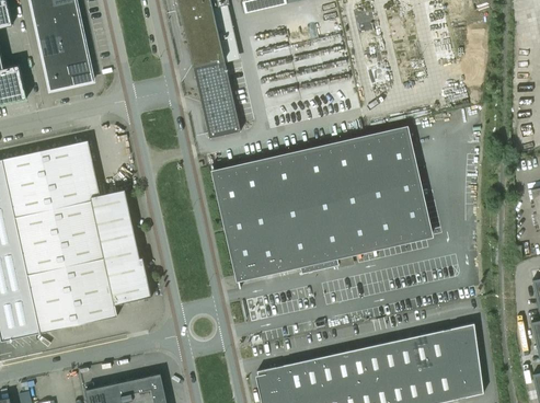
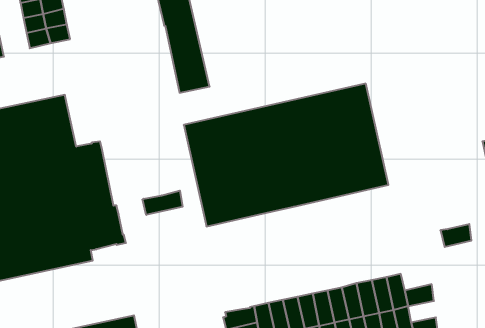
building: none -> [143,191,183,215]
building: [444,323,476,347] -> [440,224,471,247]
building: [451,358,481,381] -> none

